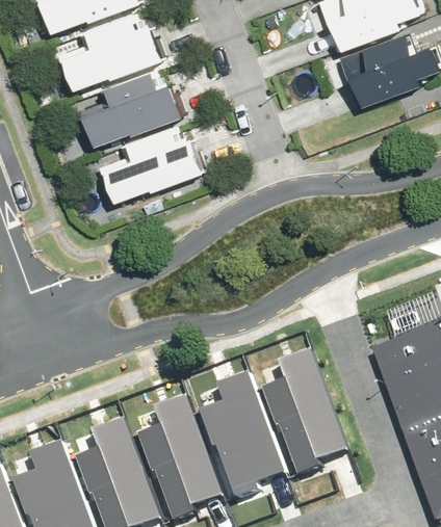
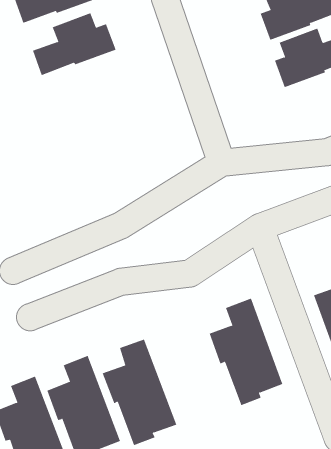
building: [78,76,175,149] -> none
building: [100,129,197,202] -> none
building: [201,371,286,495] -> none

